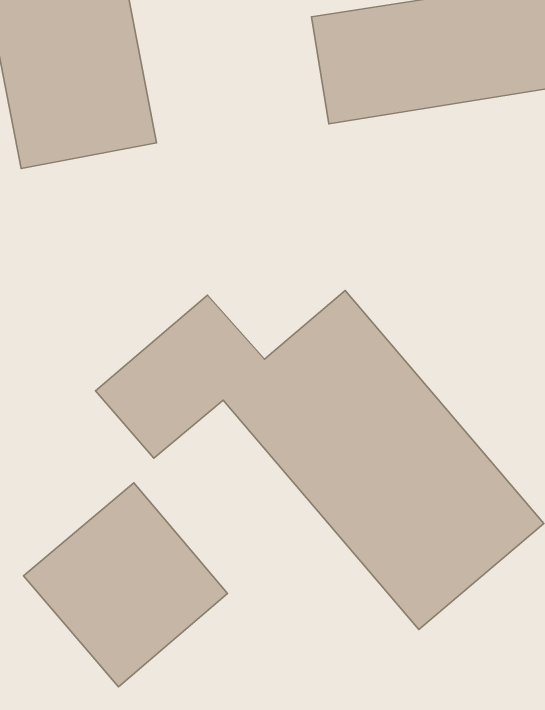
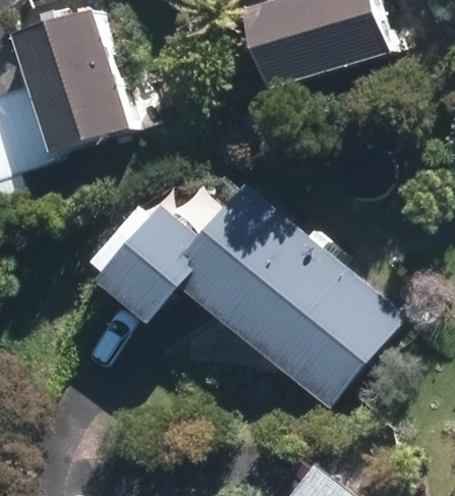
building: [23,483,228,687] -> none

